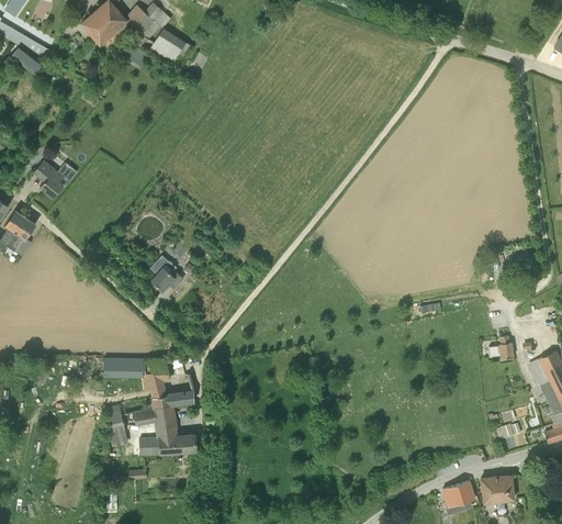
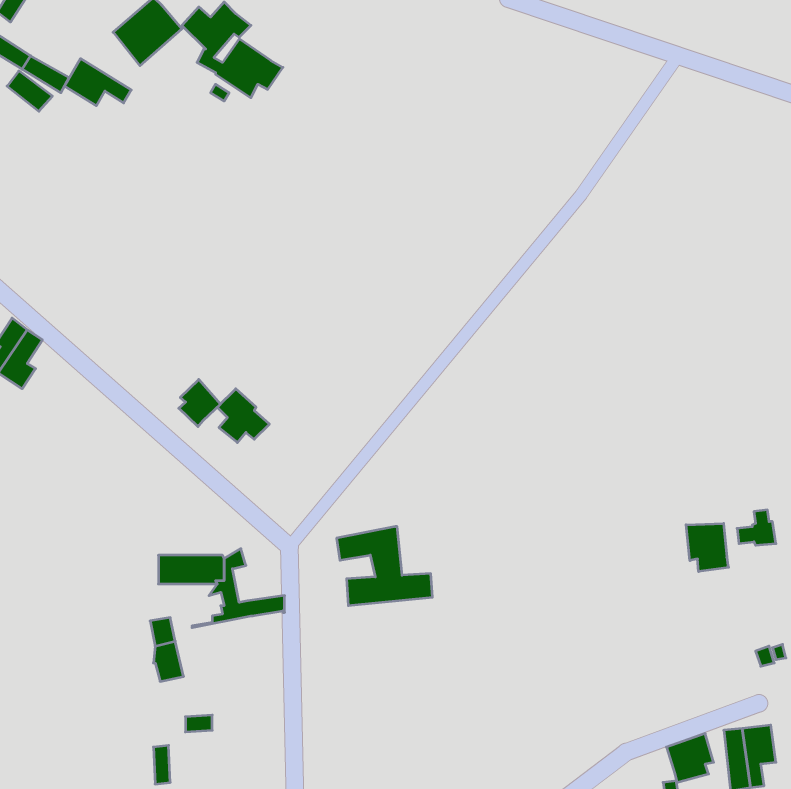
building: none -> [64,59,131,106]
building: [34,159,64,197] -> none
building: none -> [179,379,220,427]
building: none -> [686,523,729,572]
building: [134,403,196,455] -> [337,527,432,606]

